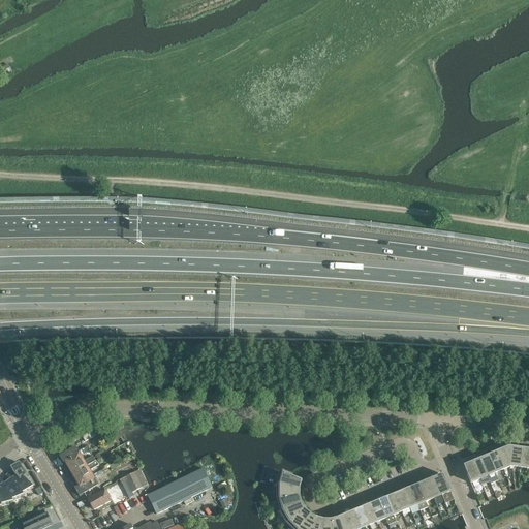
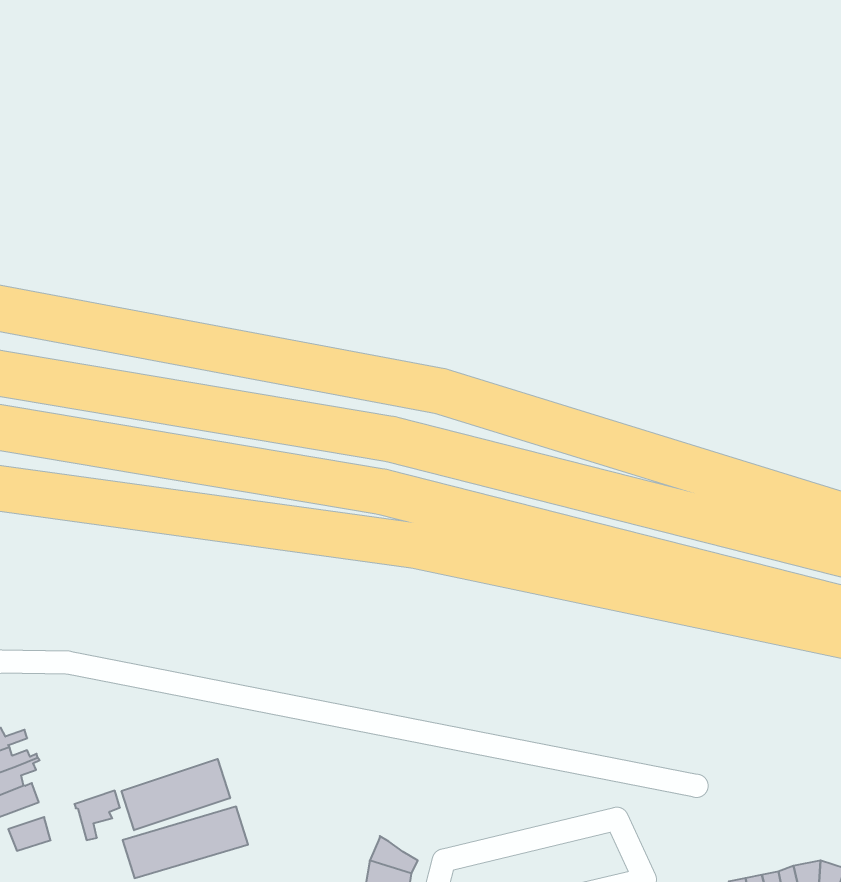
building: none -> [122,759,230,830]

